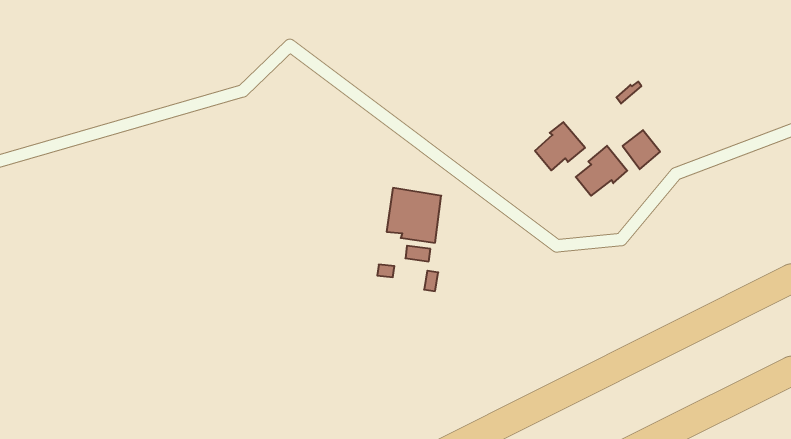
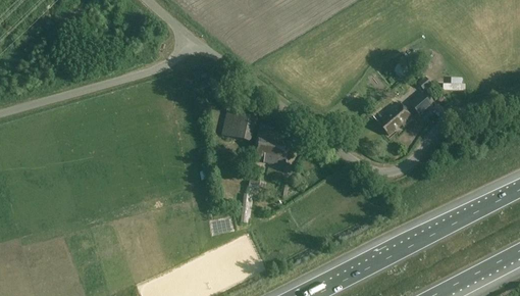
building: [535,122,585,170] -> none
building: none -> [221,109,256,140]

